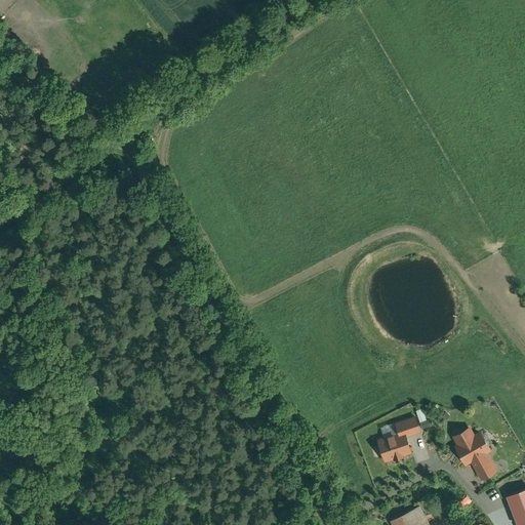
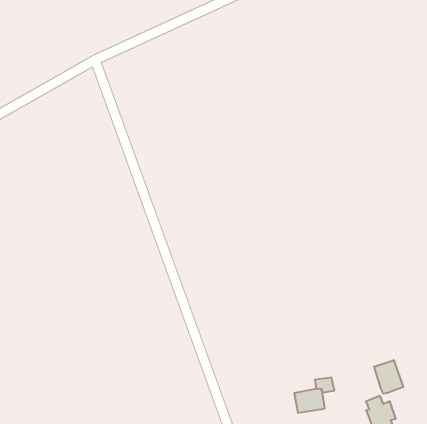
building: none -> [374,360,403,394]

